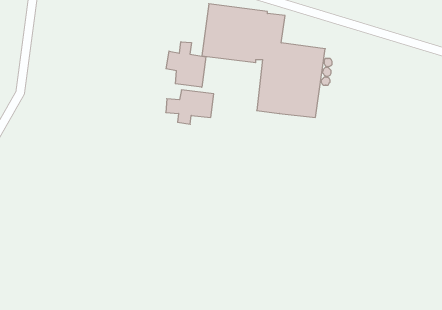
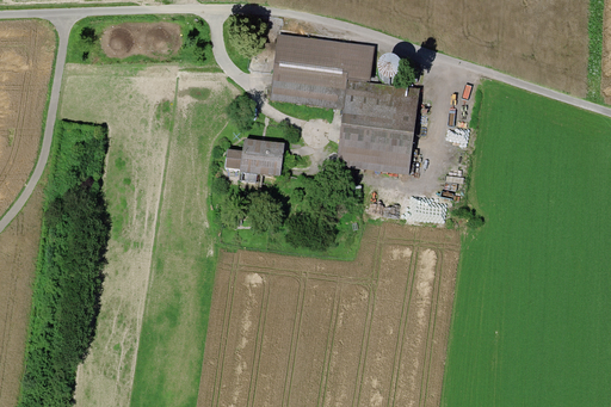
building: [166,42,206,87] -> none

